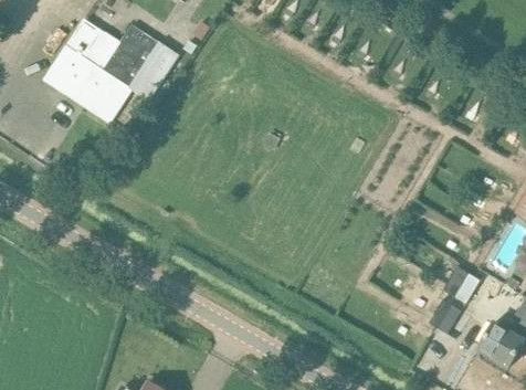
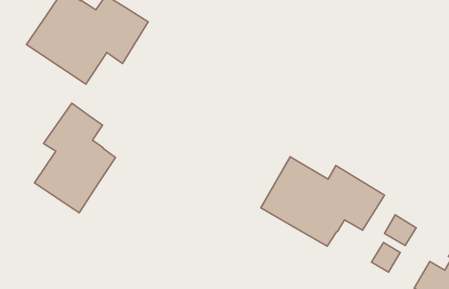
building: none -> [34,103,116,213]
building: none -> [261,157,385,246]

